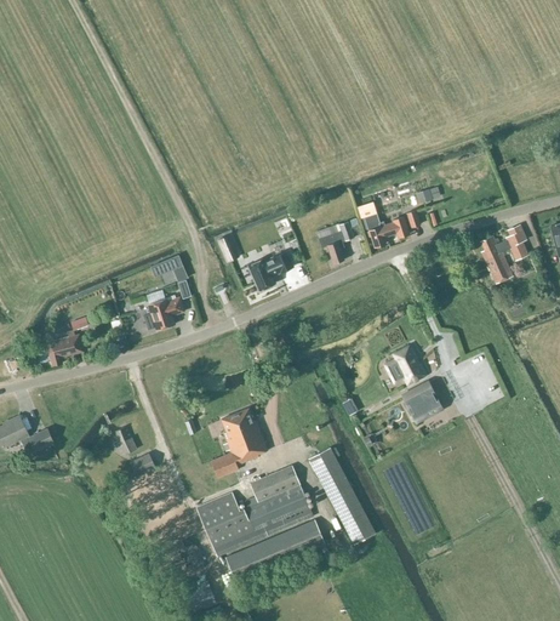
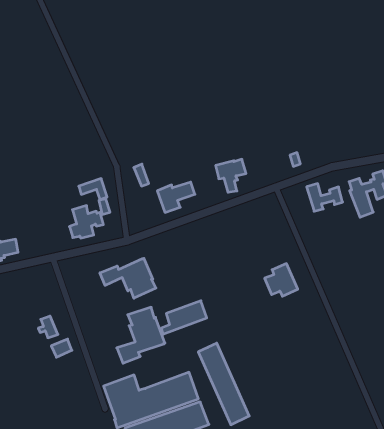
building: [364,212,408,246] -> [307,184,343,211]
building: none -> [100,258,156,298]
building: [404,384,440,416] -> none
building: [245,463,299,507] -> [161,301,207,334]

